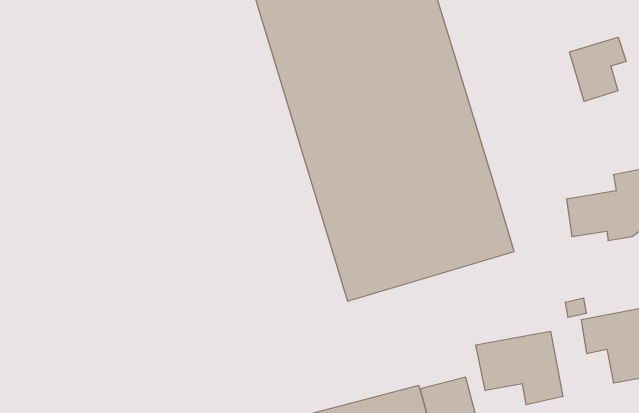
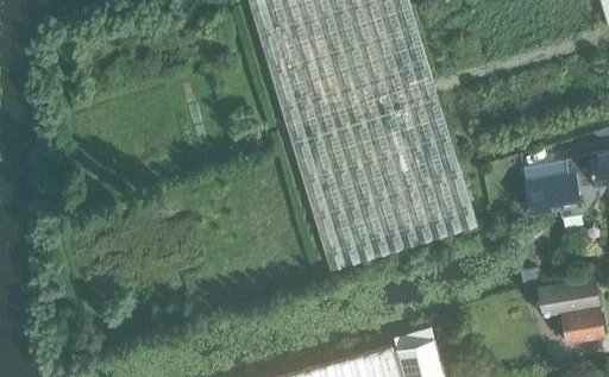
building: [570,37,626,101] -> none
building: [476,331,563,405] -> none

